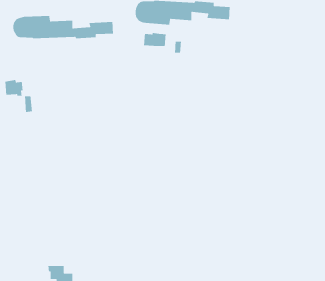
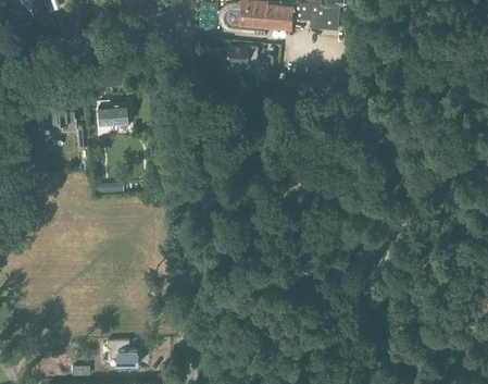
building: [12,15,114,39] -> none
building: none -> [97,99,127,133]

